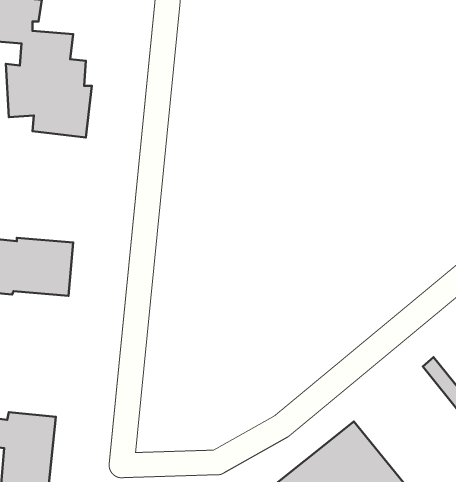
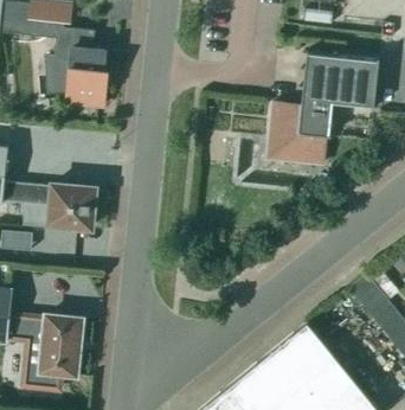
building: none -> [268,50,380,164]

